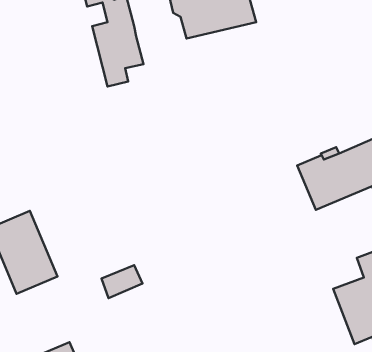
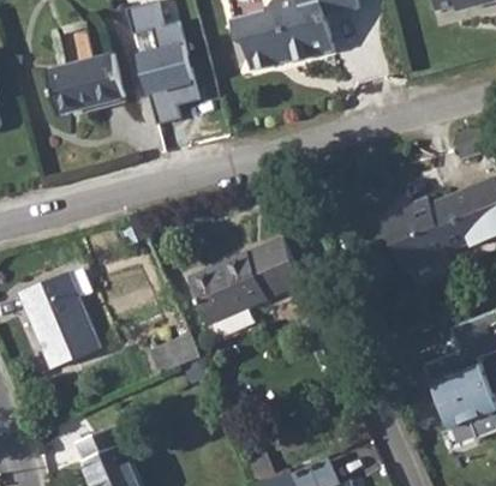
building: none -> [44,53,122,114]
building: none -> [186,236,300,324]

